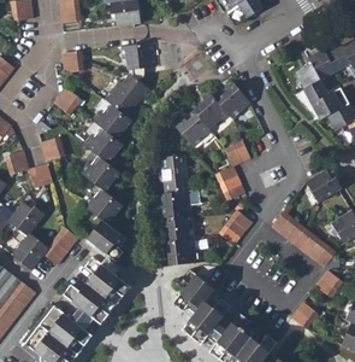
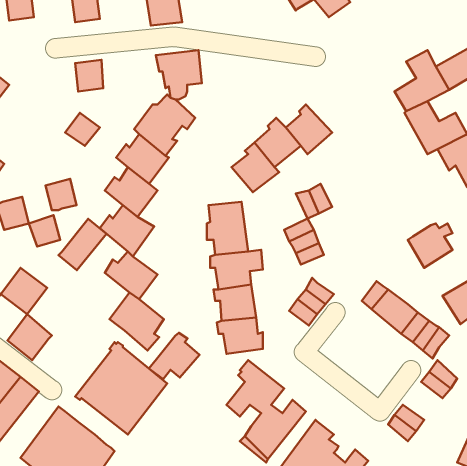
building: [43,227,78,264] -> [59,219,106,270]
building: none -> [149,333,199,379]

